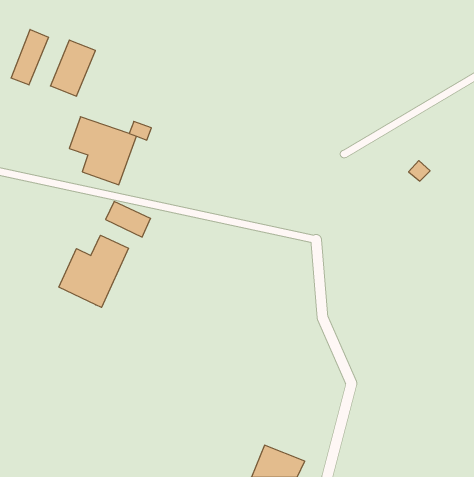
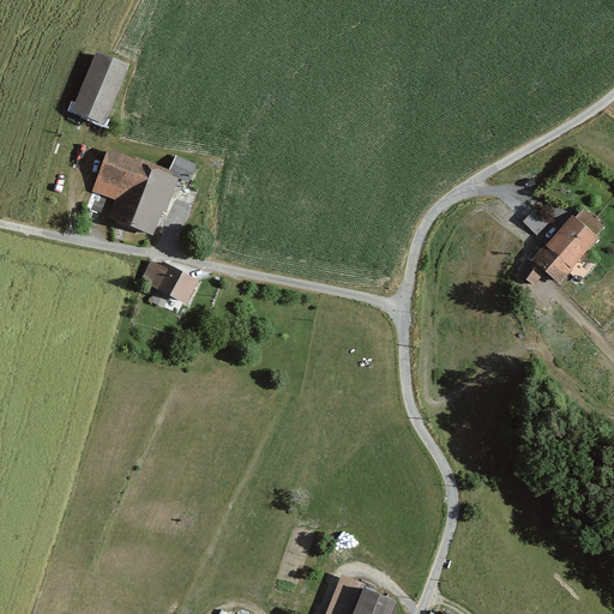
building: [11,29,48,85] -> none
building: none -> [519,211,601,283]
building: [59,235,129,307] -> none

